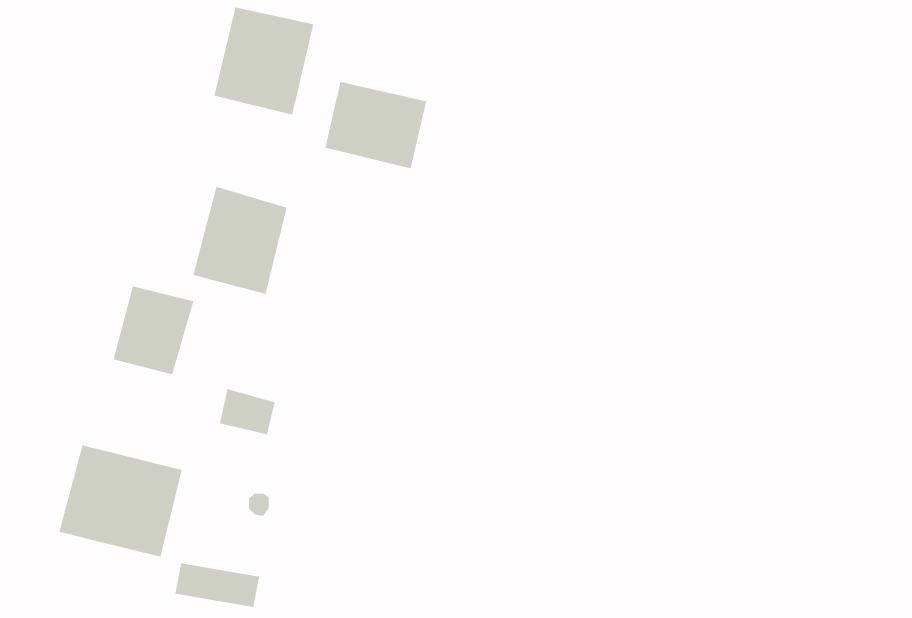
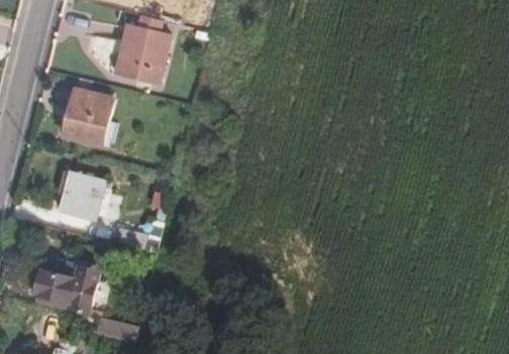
building: [325,81,427,169] -> none
building: [193,186,287,295] -> [63,89,112,145]

